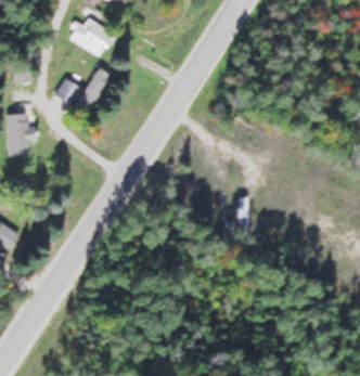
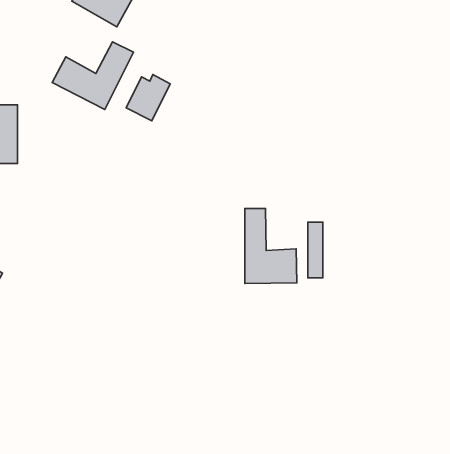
building: none -> [126,75,170,121]
building: none -> [245,209,297,284]

